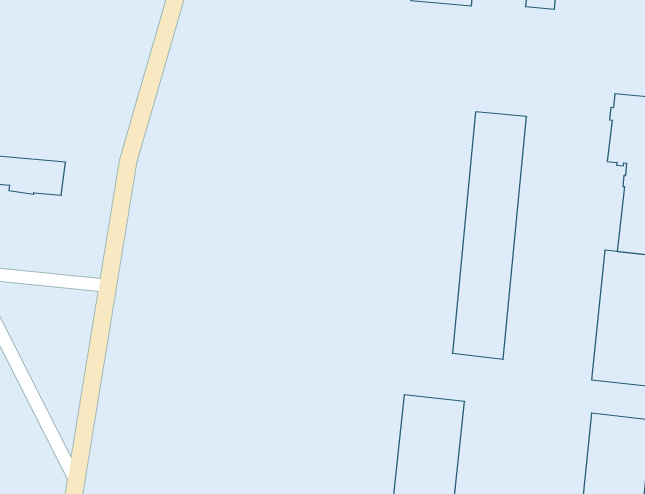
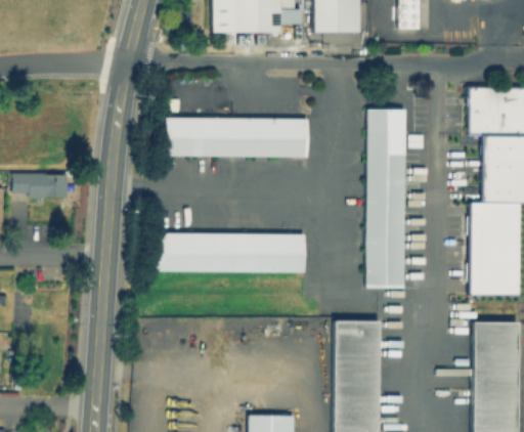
building: none -> [167,118,310,157]
building: none -> [156,219,307,272]

